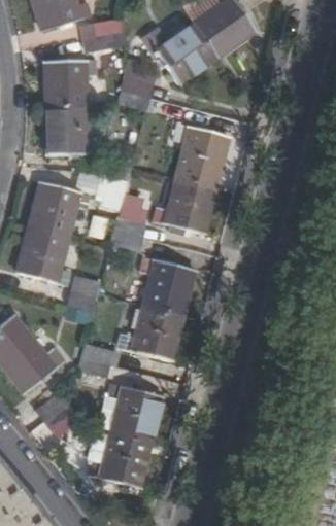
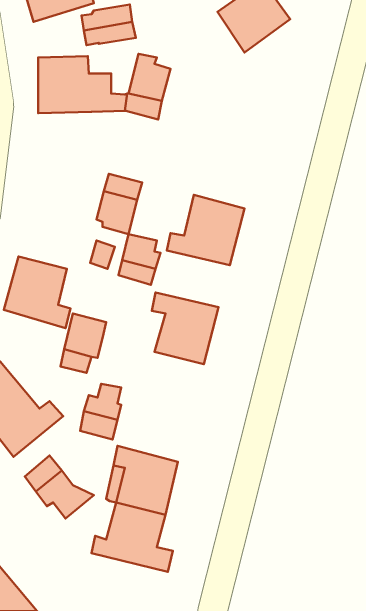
building: [141,23,217,84] -> none
building: [45,106,100,154] -> none
building: [173,122,230,186] -> none
building: [29,180,92,237] -> none
building: [122,306,183,360] -> none

